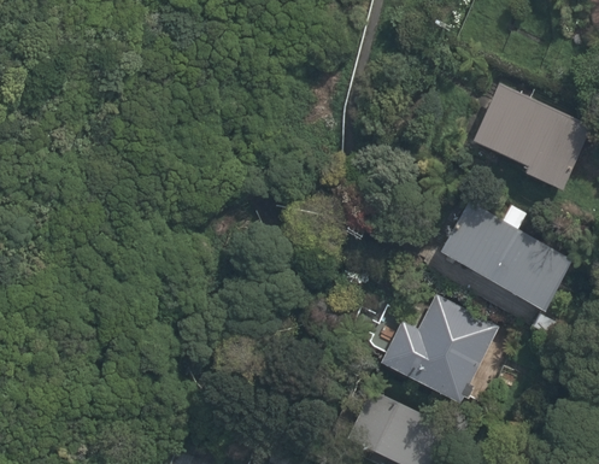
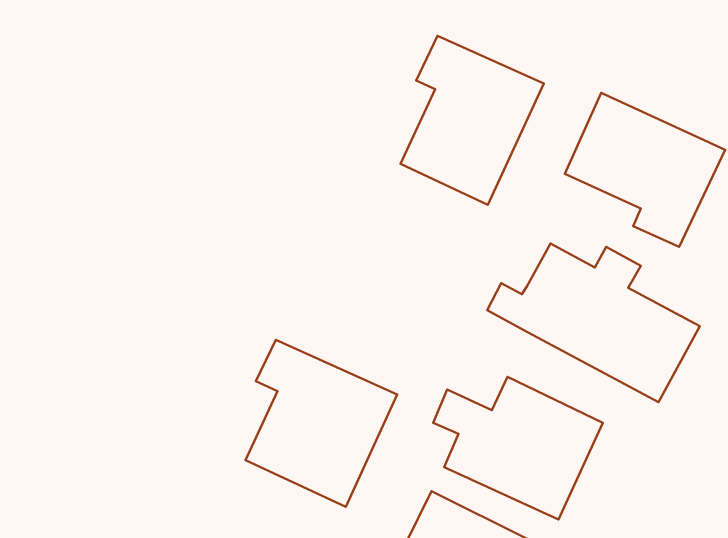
building: none -> [401,36,544,205]
building: none -> [246,340,397,507]

